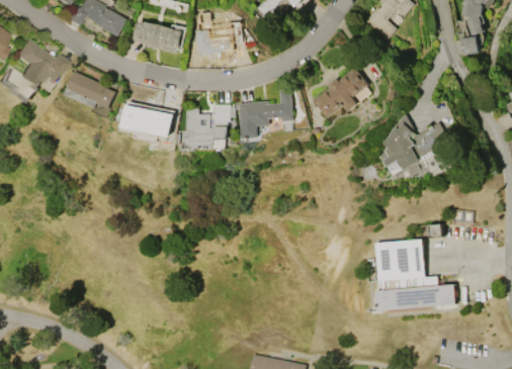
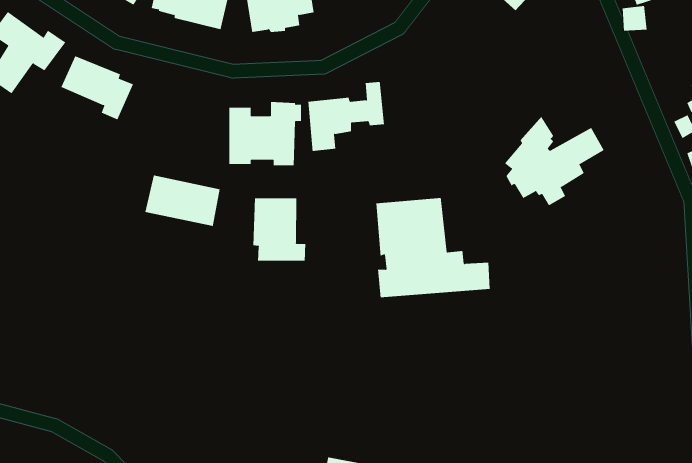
building: [313,68,368,117] -> none
building: [122,101,176,137] -> [144,175,221,227]
building: none -> [253,198,306,261]
building: [375,240,456,310] -> [376,198,490,298]

